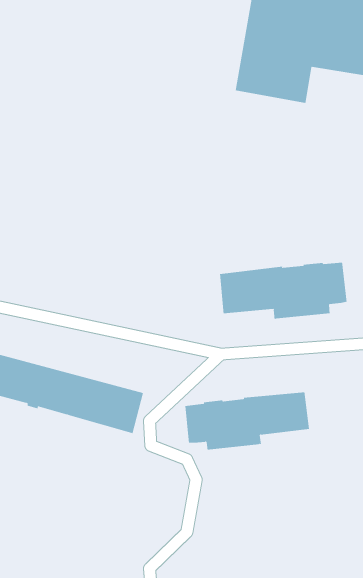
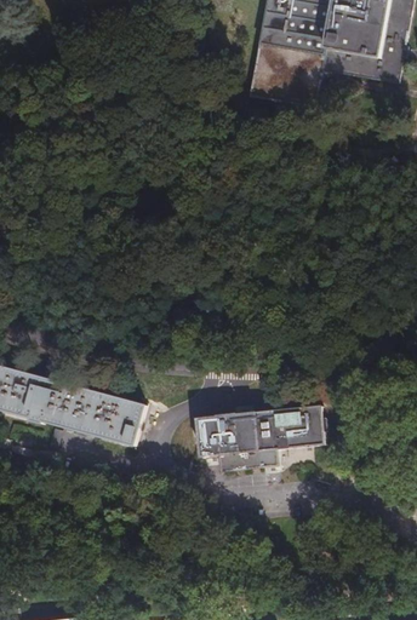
building: [220,262,347,320] -> none

